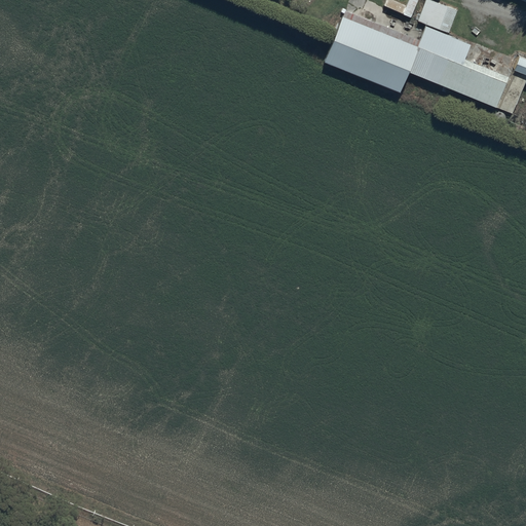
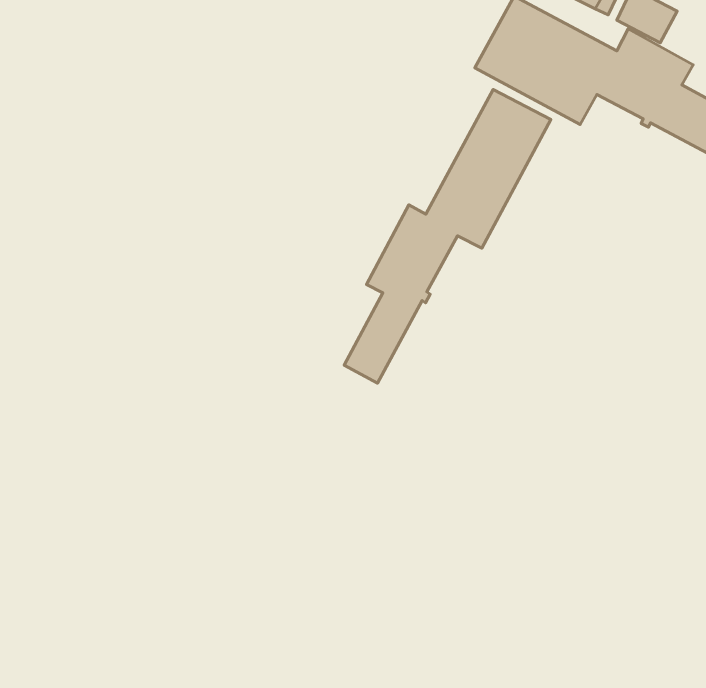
building: none -> [344,89,551,383]

